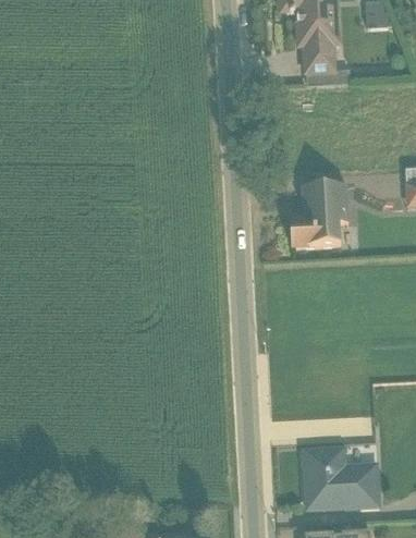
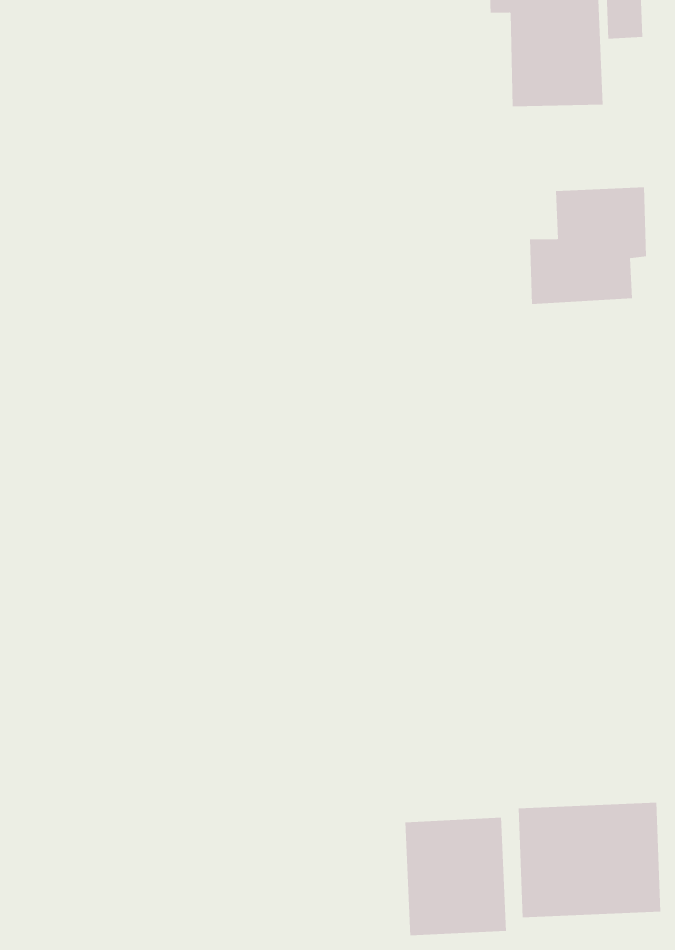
building: [291,186,355,250] -> [529,187,647,304]
building: none -> [405,817,507,936]

